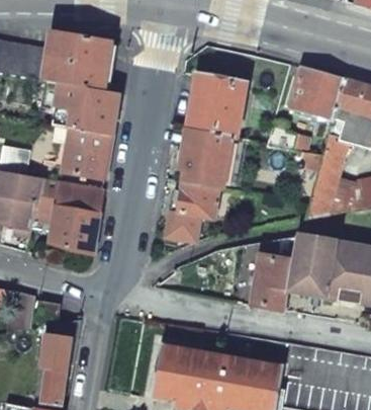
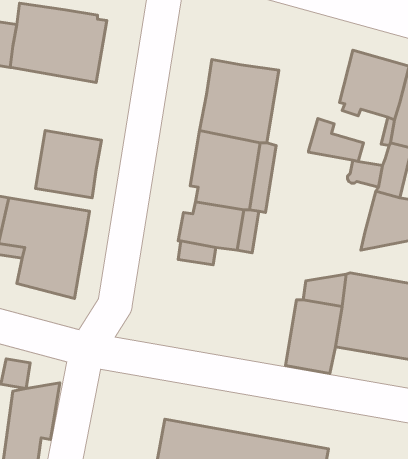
building: [40,80,118,135] -> none

